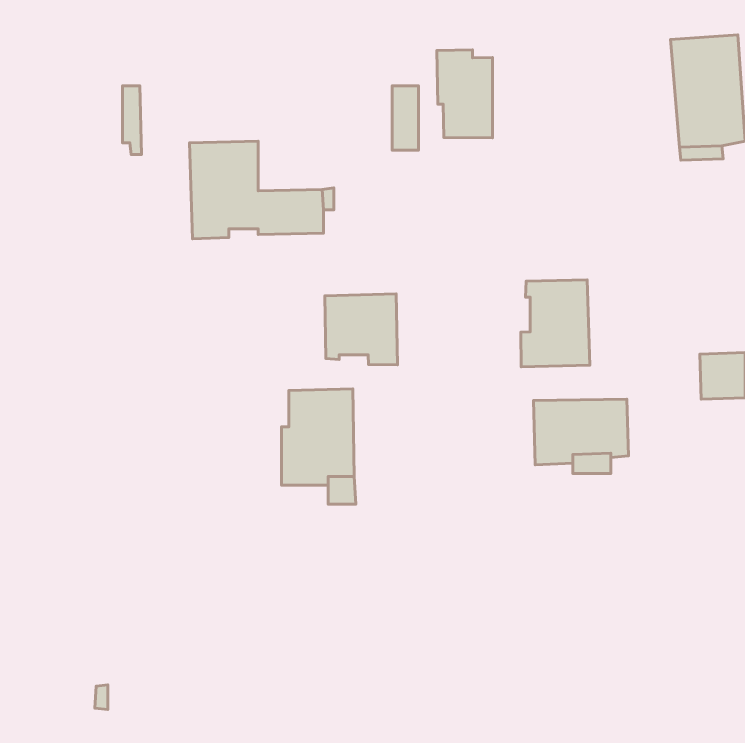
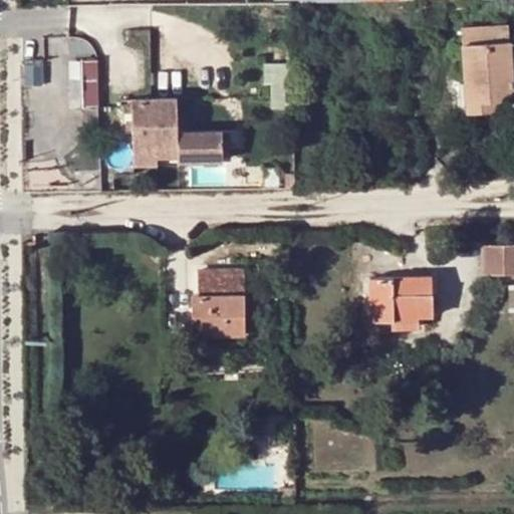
building: [437,50,492,138] -> none
building: [521,280,590,367] -> none
building: [325,294,397,365] -> none

